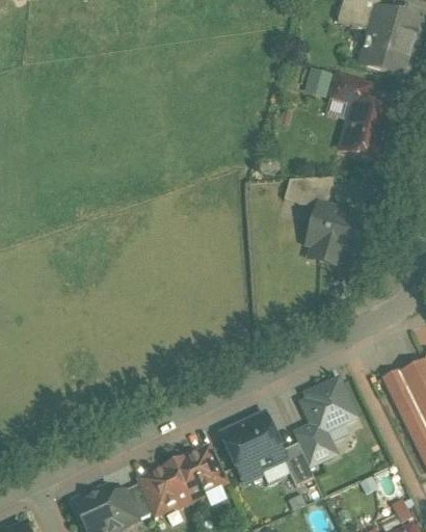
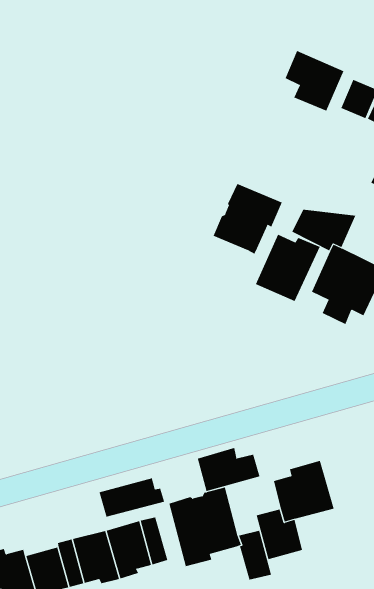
building: none -> [285,50,344,112]
building: none -> [213,183,283,255]
building: none -> [255,234,321,302]
building: none -> [197,447,260,492]
building: none -> [99,477,165,517]

